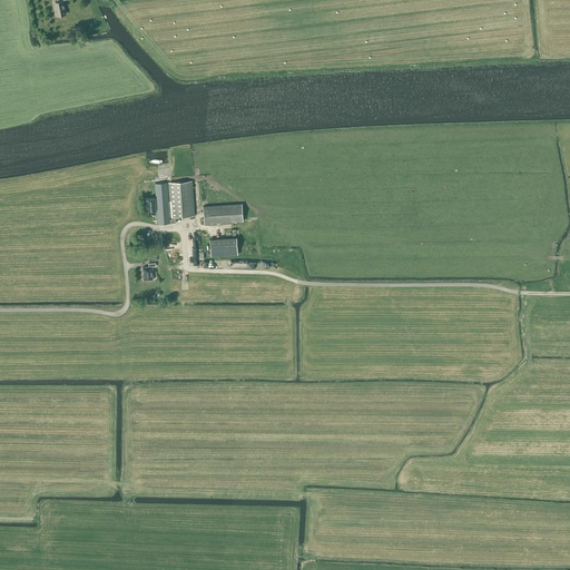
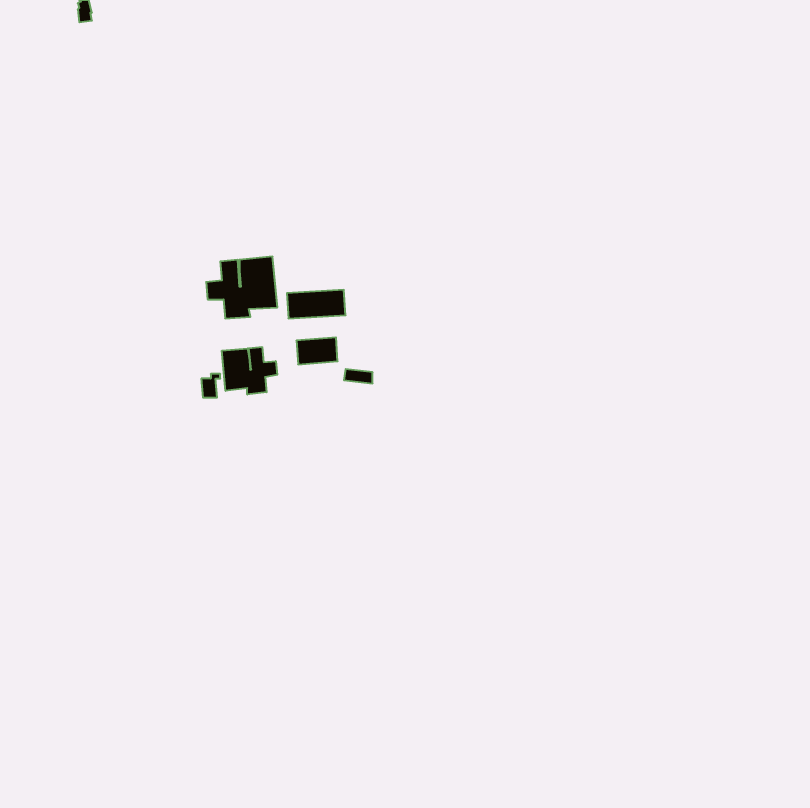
building: none -> [222,347,277,395]

